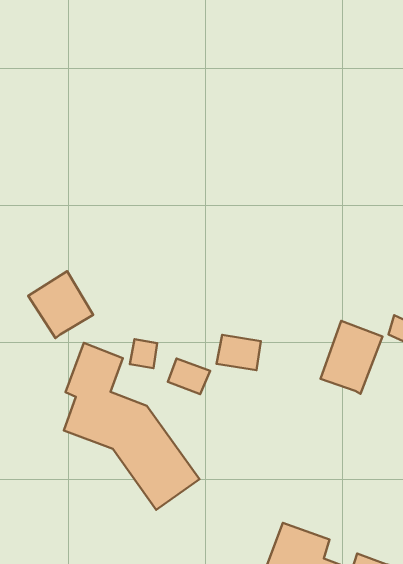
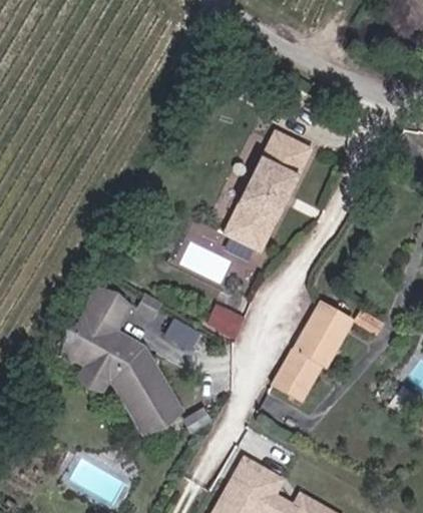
building: none -> [227,129,314,250]
building: [28,271,93,338] -> none
building: none -> [270,349,317,401]

